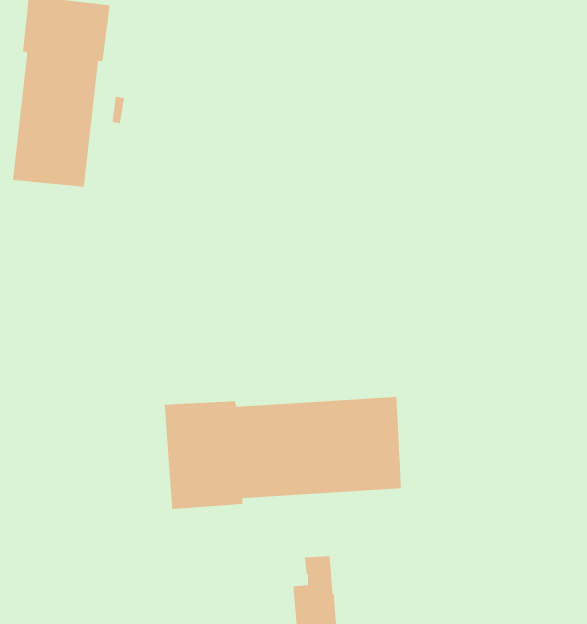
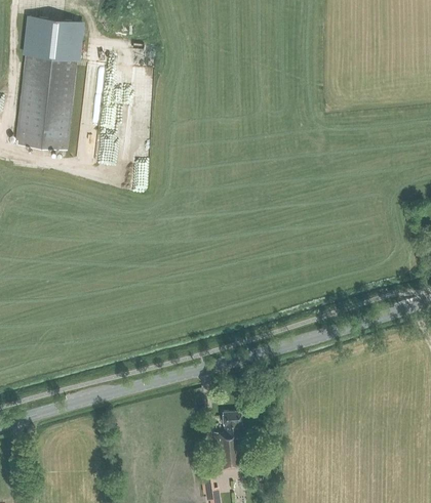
building: [164,396,402,510] -> none

